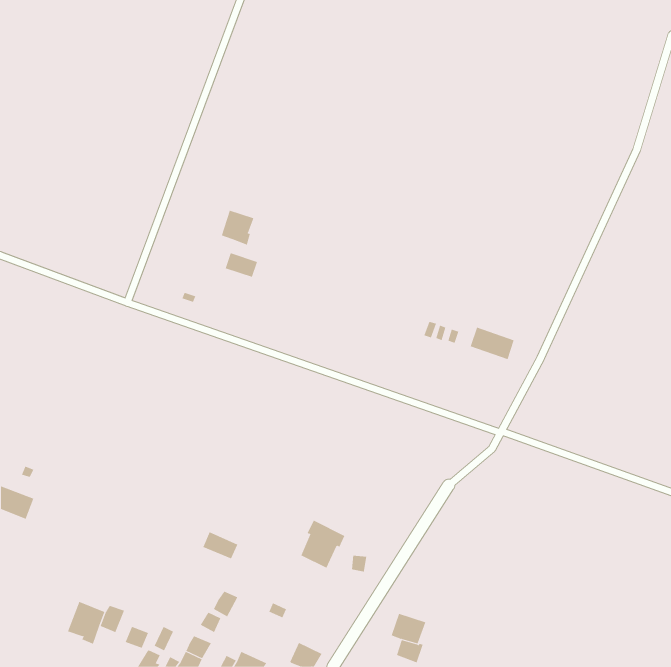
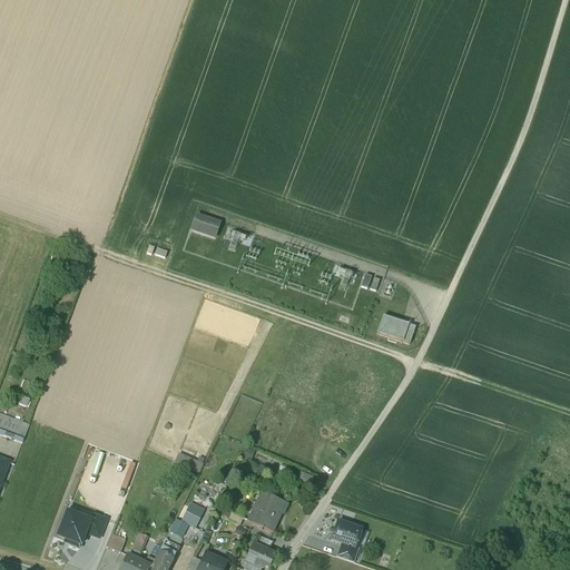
building: [221,210,254,245] -> none
building: [470,327,515,360] -> [376,314,414,342]
building: [300,520,345,569] -> [249,490,287,531]

